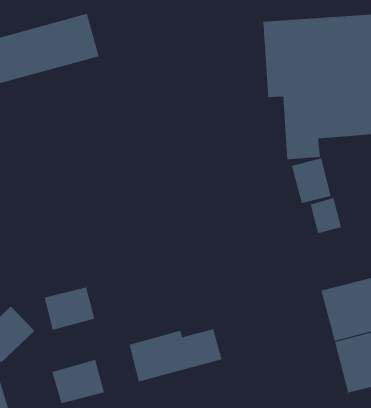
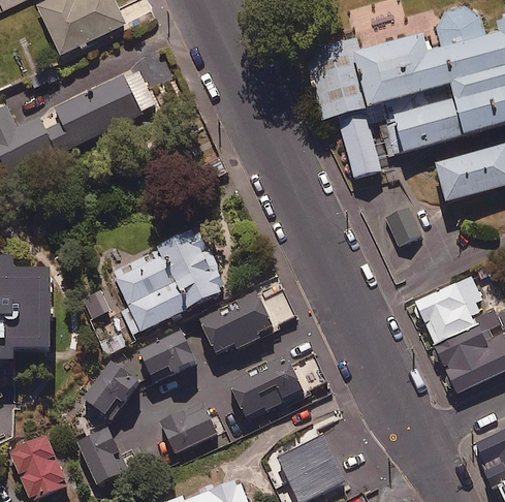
building: [291,158,331,204] -> none
building: none -> [109,231,226,335]
building: none -> [199,288,293,358]

